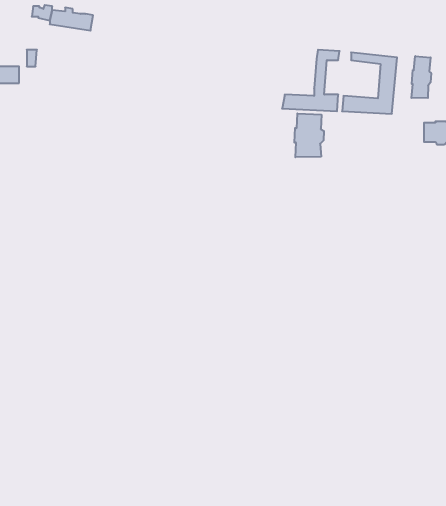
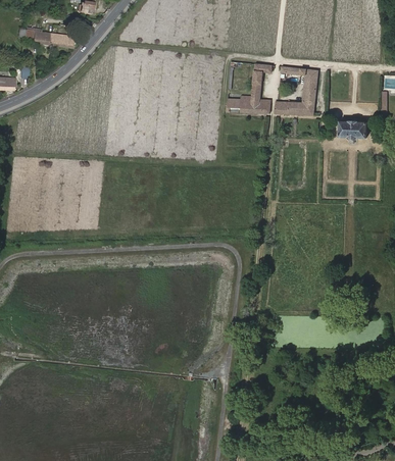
building: [411,56,431,98] -> none
building: [294,113,324,157] -> none

